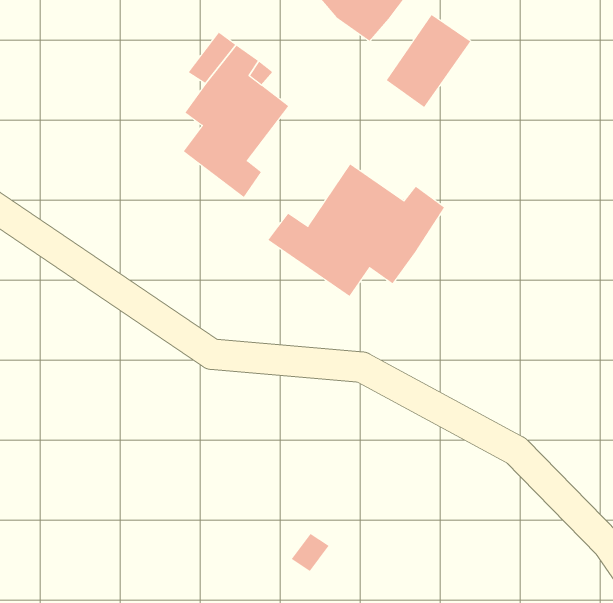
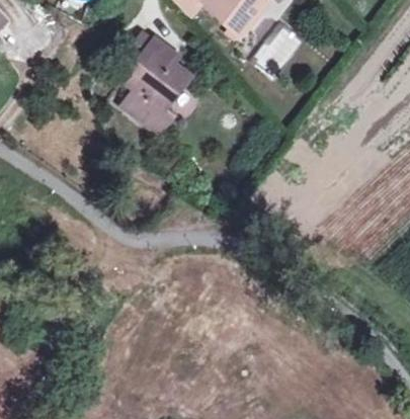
building: [267,164,445,297] -> none

